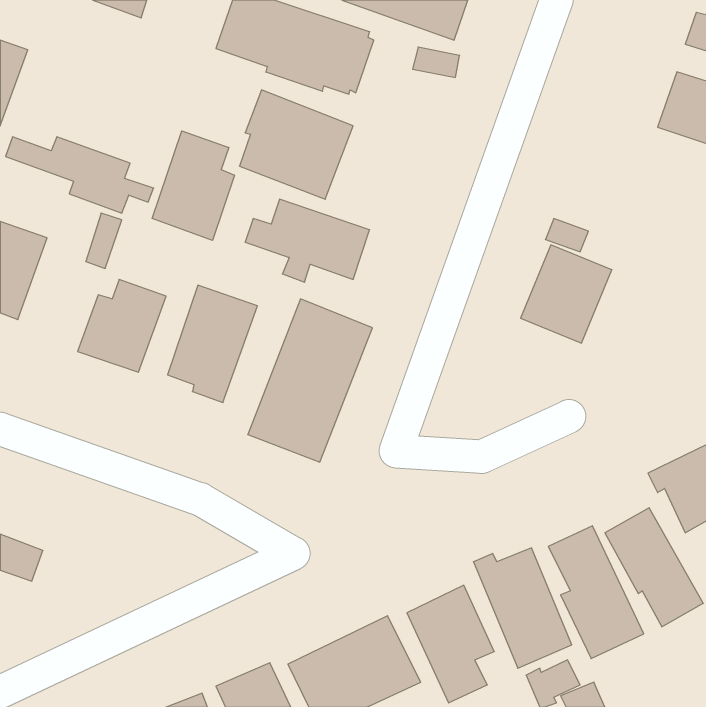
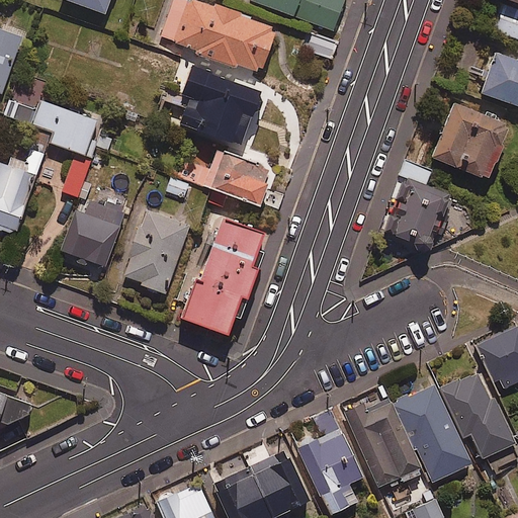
building: [152,131,234,240] -> none
building: none -> [433,103,508,178]

